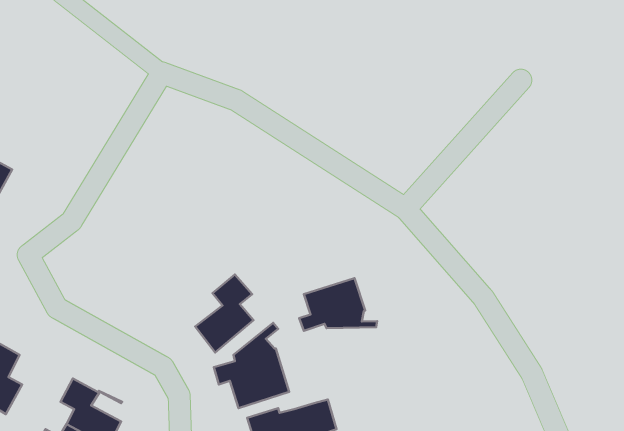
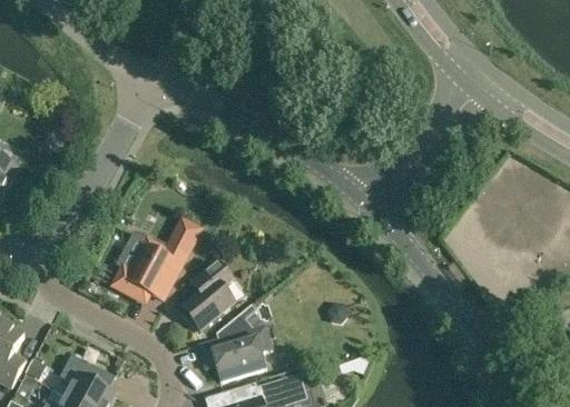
building: none -> [114,219,200,299]
building: [299,278,377,331] -> none

